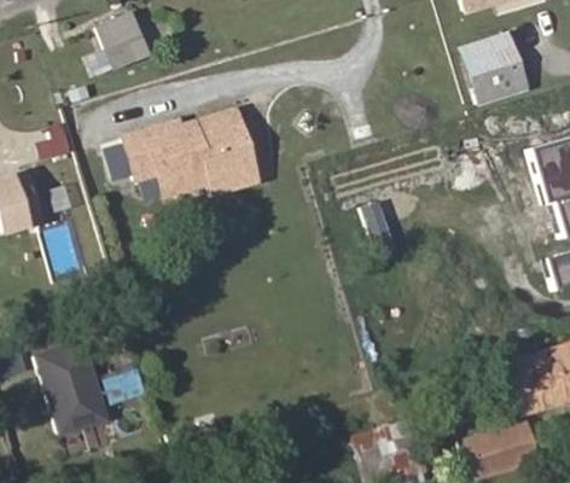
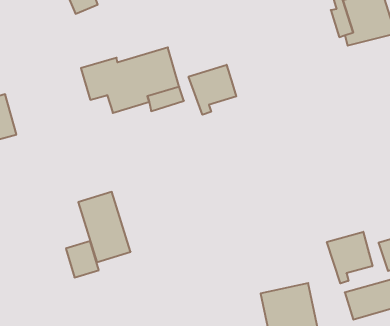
building: none -> [189,65,236,115]
building: [36,345,104,436] -> [78,192,131,262]
building: none -> [327,232,372,283]

